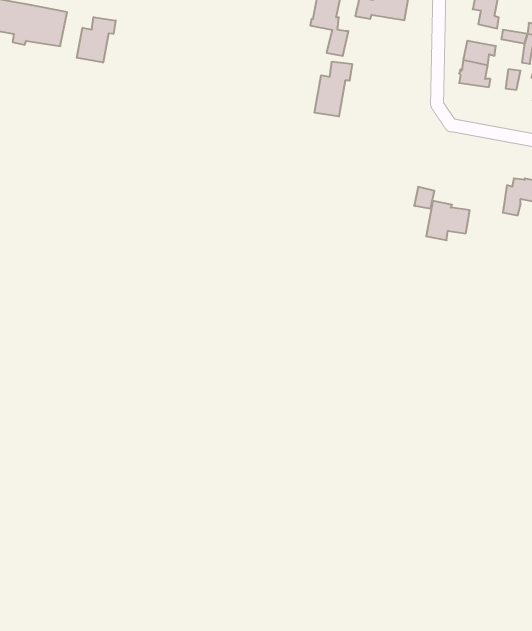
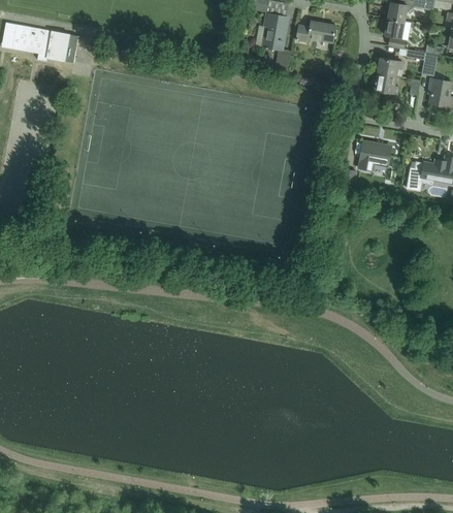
building: [77,17,116,63] -> none
building: [315,62,352,117] -> none
building: [426,201,470,240] -> [358,140,391,170]

